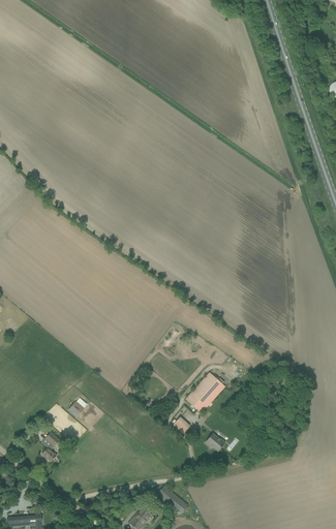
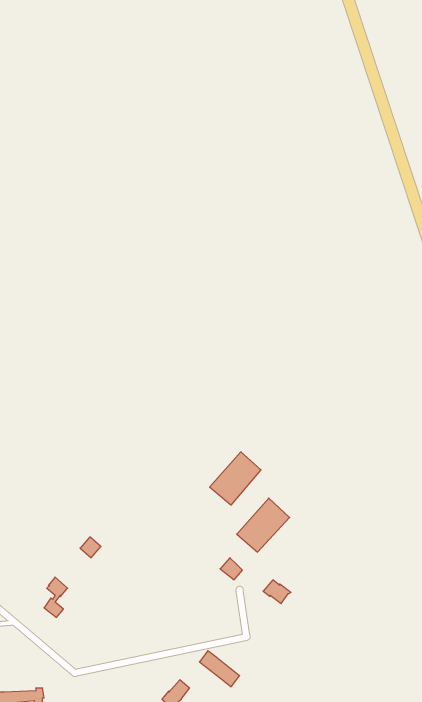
building: none -> [210,452,261,505]

